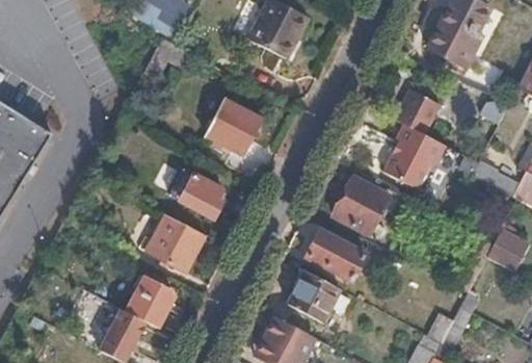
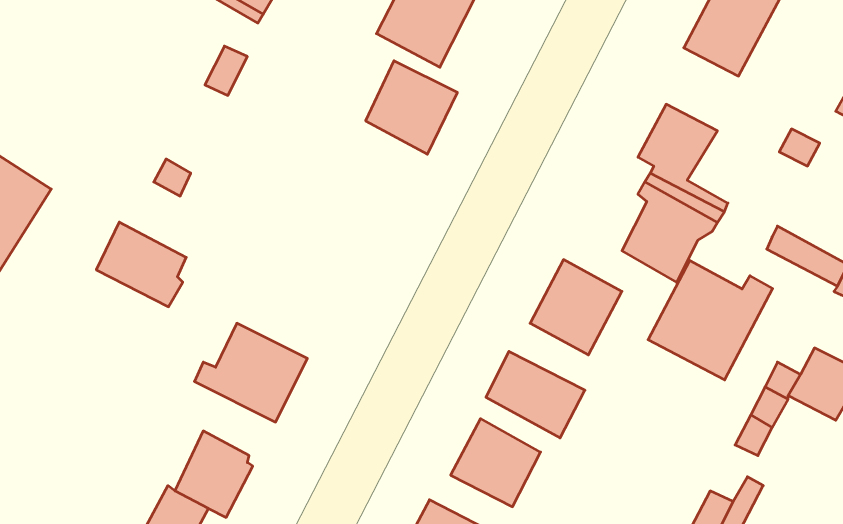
building: [204,101,258,156] -> [366,61,457,154]
building: [169,167,222,217] -> [96,222,186,307]
building: none -> [648,260,773,380]

